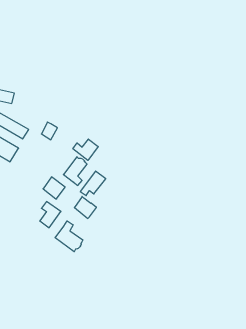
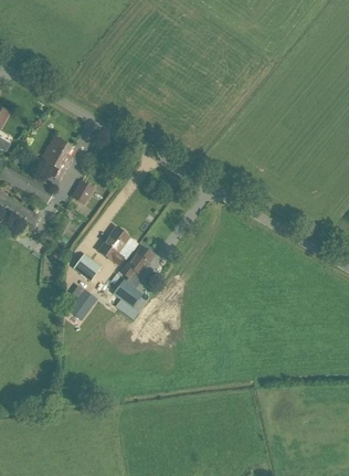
building: none -> [42,137,72,180]
building: [73,139,98,160] -> none
building: [55,221,83,252] -> none

